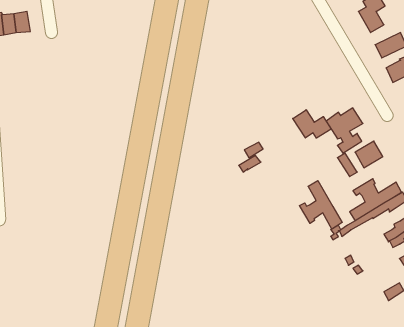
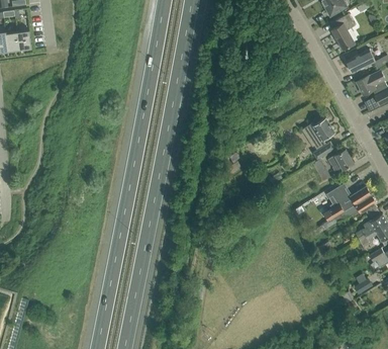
building: [293,110,331,138] -> none
building: [299,181,342,229] -> none

